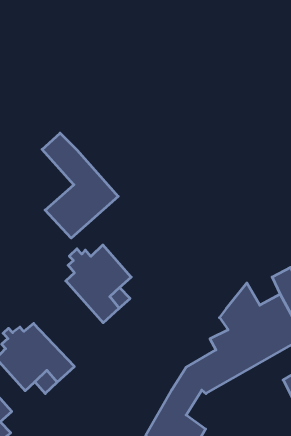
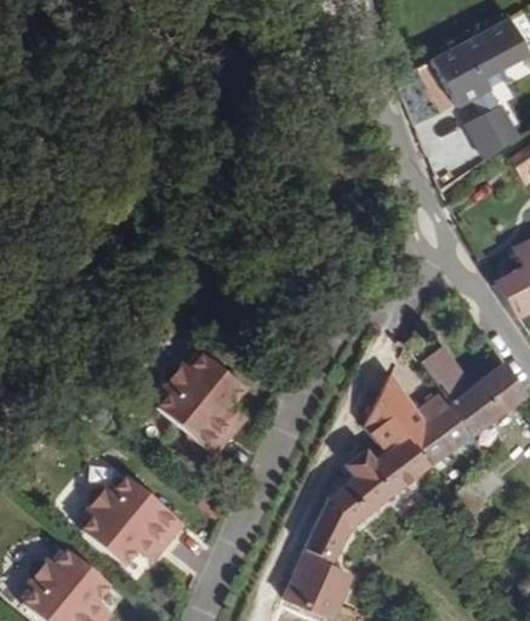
building: [42,133,118,238] -> none

